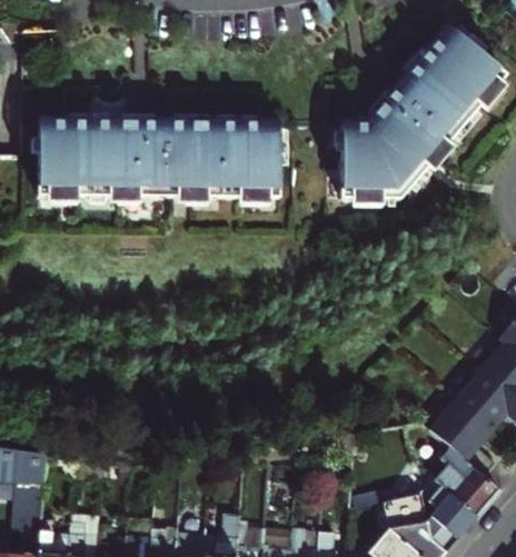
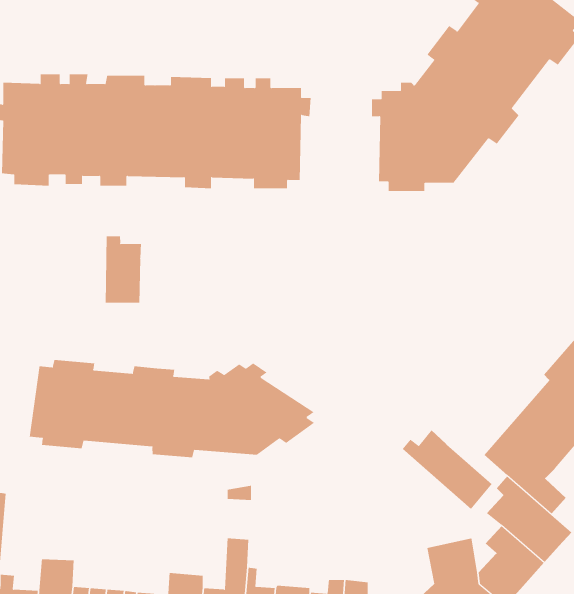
building: none -> [105,236,142,304]
building: none -> [29,359,315,458]
building: none -> [402,430,493,510]

